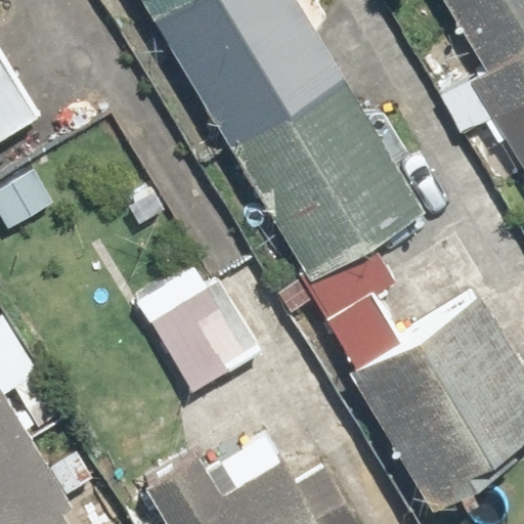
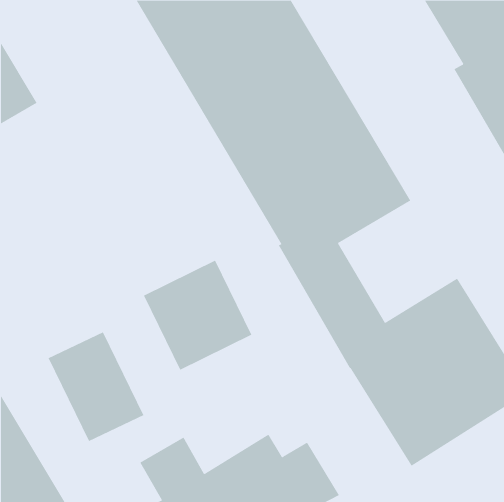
building: none -> [48,332,144,442]

